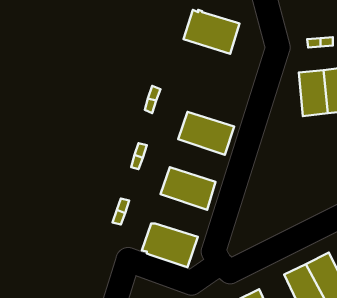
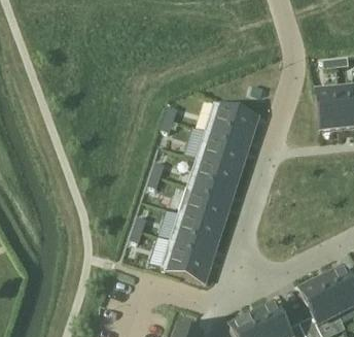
building: [184,10,240,54] -> [204,99,259,142]
building: none -> [186,155,241,197]
building: none -> [168,209,223,251]

